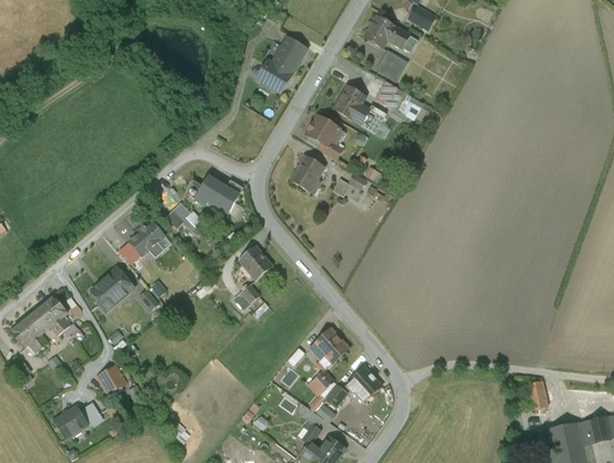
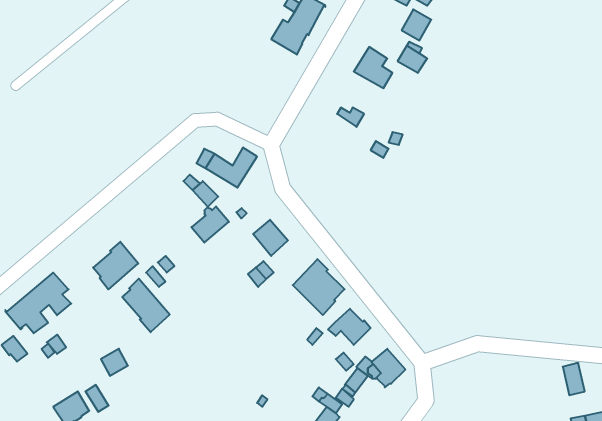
building: [307,115,338,146] -> none
building: [290,155,324,191] -> none
building: [130,221,164,254] -> [191,206,229,243]
building: none -> [293,259,345,315]
building: none -> [122,279,170,332]

